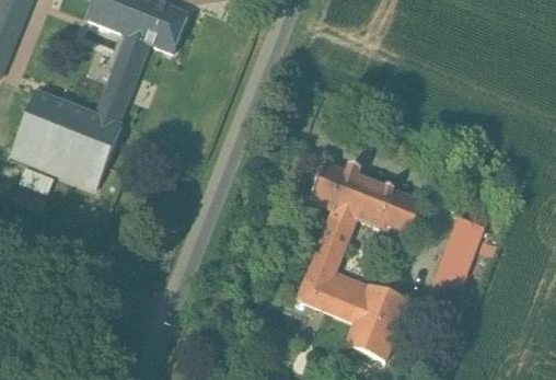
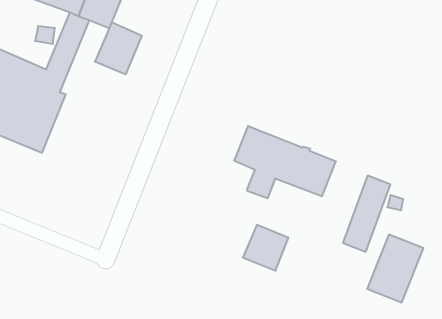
building: none -> [95,22,142,74]
building: [298,232,347,307] -> none
building: [346,285,408,360] -> [367,234,423,303]

